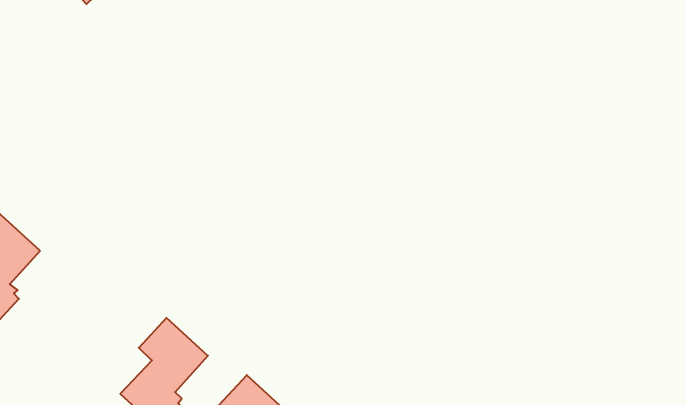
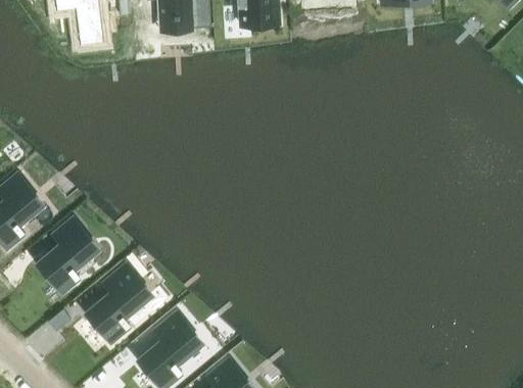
building: none -> [37,217,98,293]

